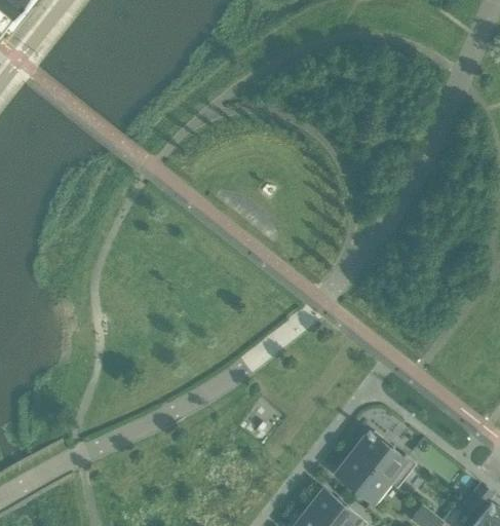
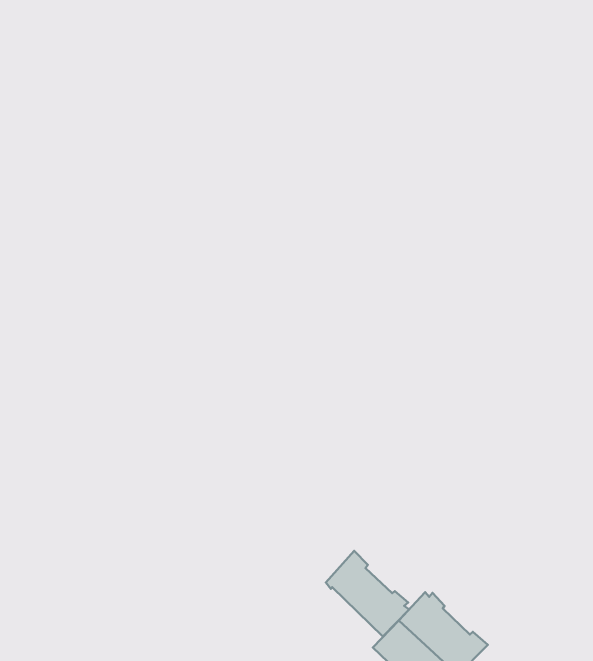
building: none -> [326,551,409,636]

